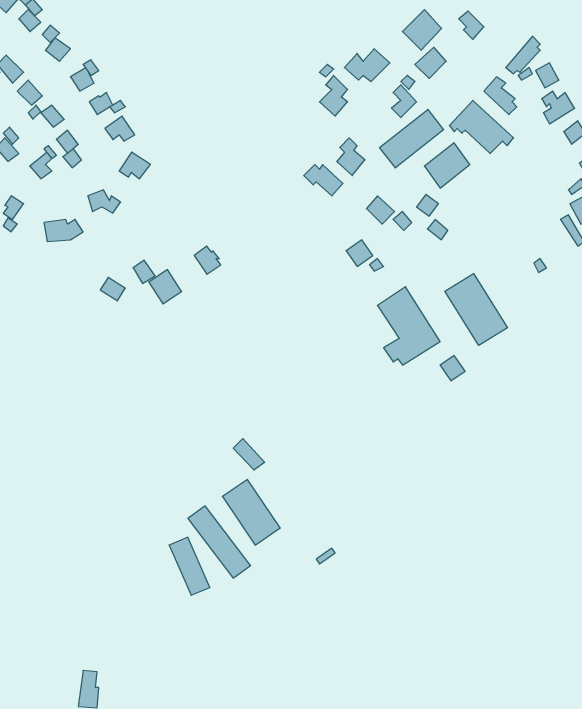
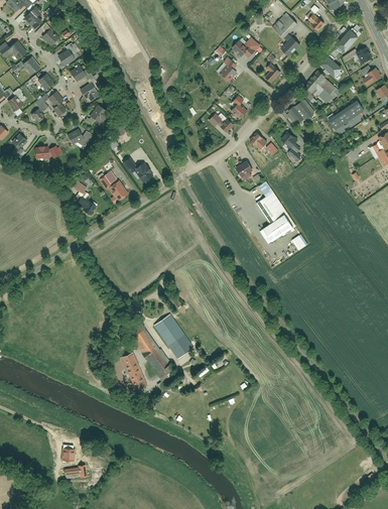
building: [380,109,444,168] -> none
building: none -> [330,102,368,131]
building: [445,274,508,345] -> none

